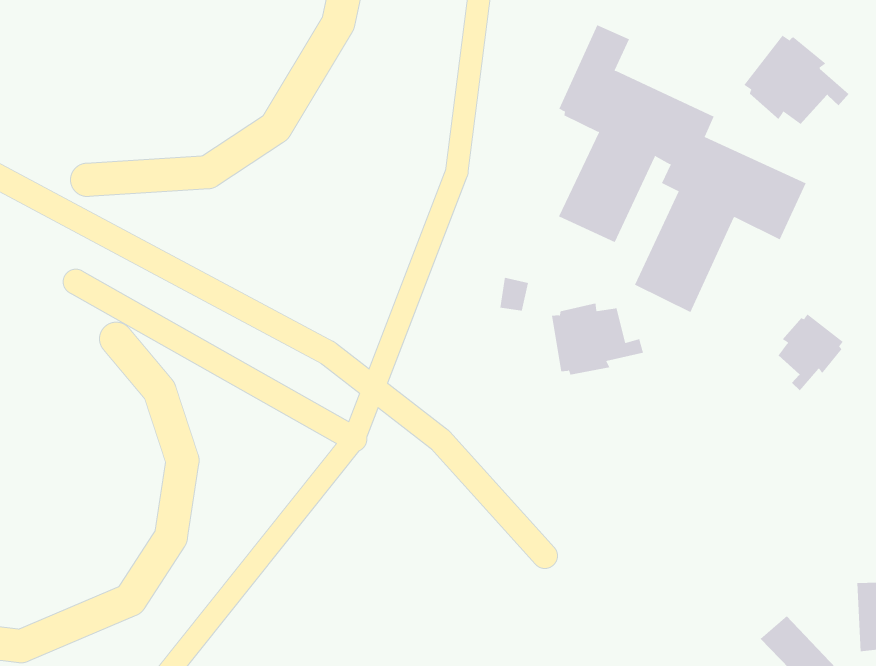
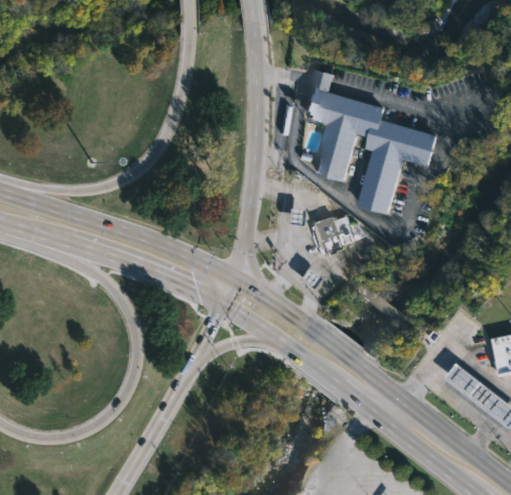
building: [744,35,850,125] -> none
building: [778,313,843,391] -> none

